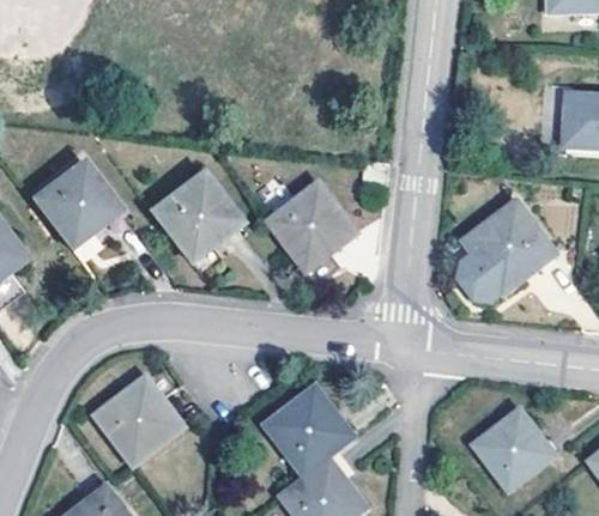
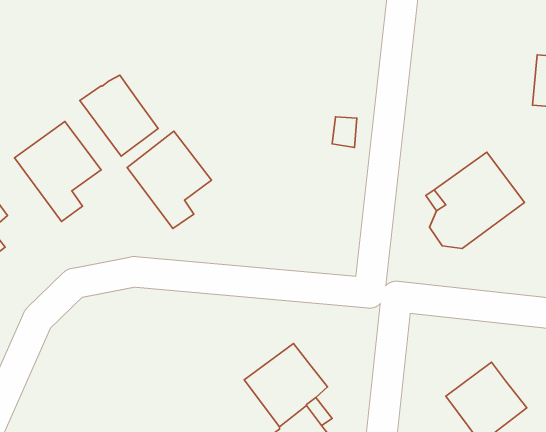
building: none -> [80,75,158,156]
building: [265,184,352,286] -> none
building: [97,366,184,463] -> none

